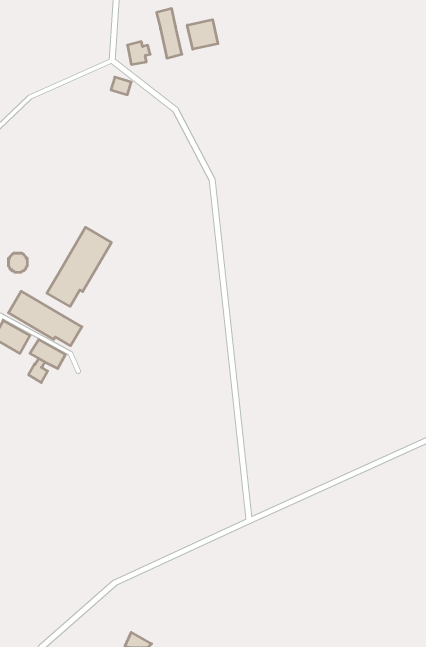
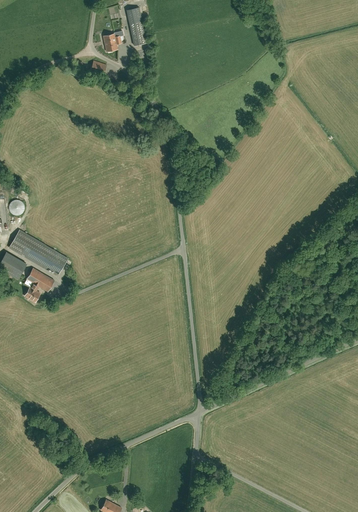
building: [187,20,218,49] -> none
building: [47,227,111,306] -> none

